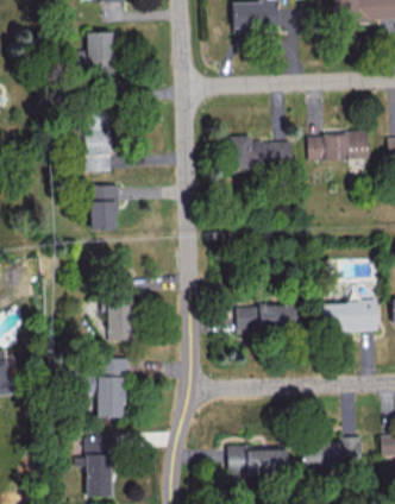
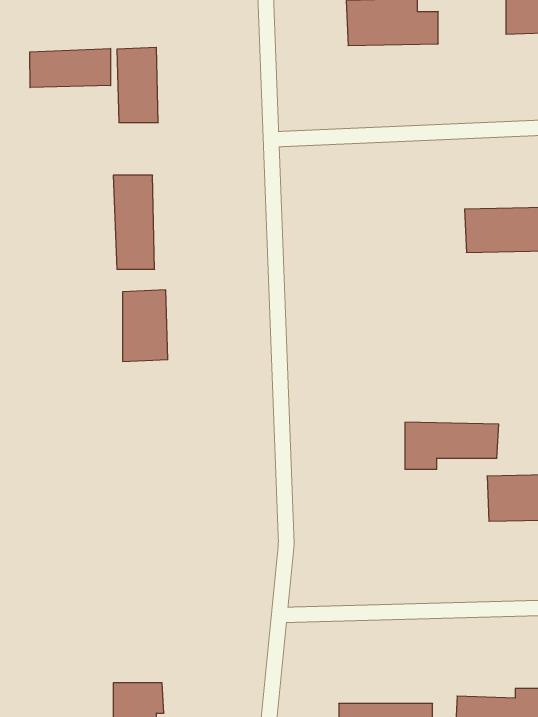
building: none -> [30,48,111,88]
building: [228,137,291,170] -> none
building: [107,296,130,341] -> none
building: [237,307,296,336] -> [405,422,499,469]
building: [74,358,128,418] -> none

